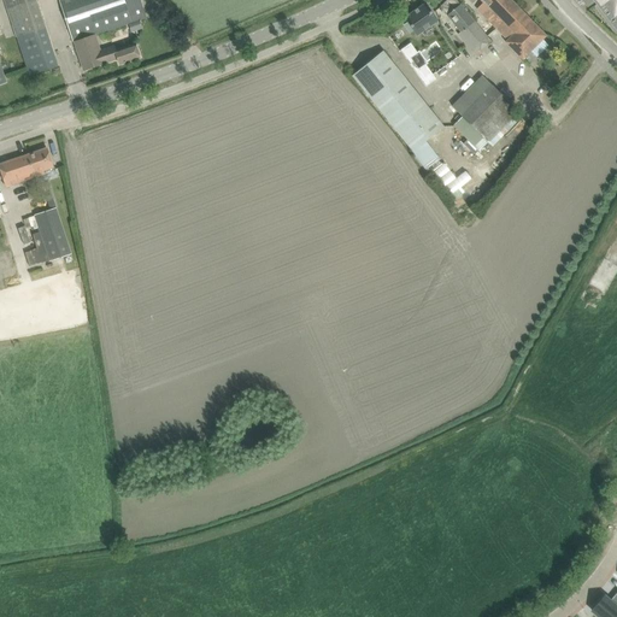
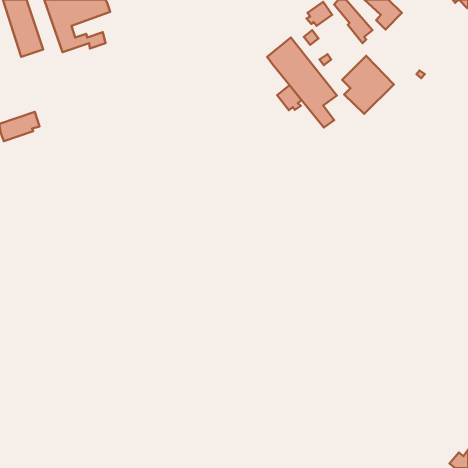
building: [504,17,545,58] -> none
building: none -> [277,85,301,110]
building: [28,205,71,259] -> none

